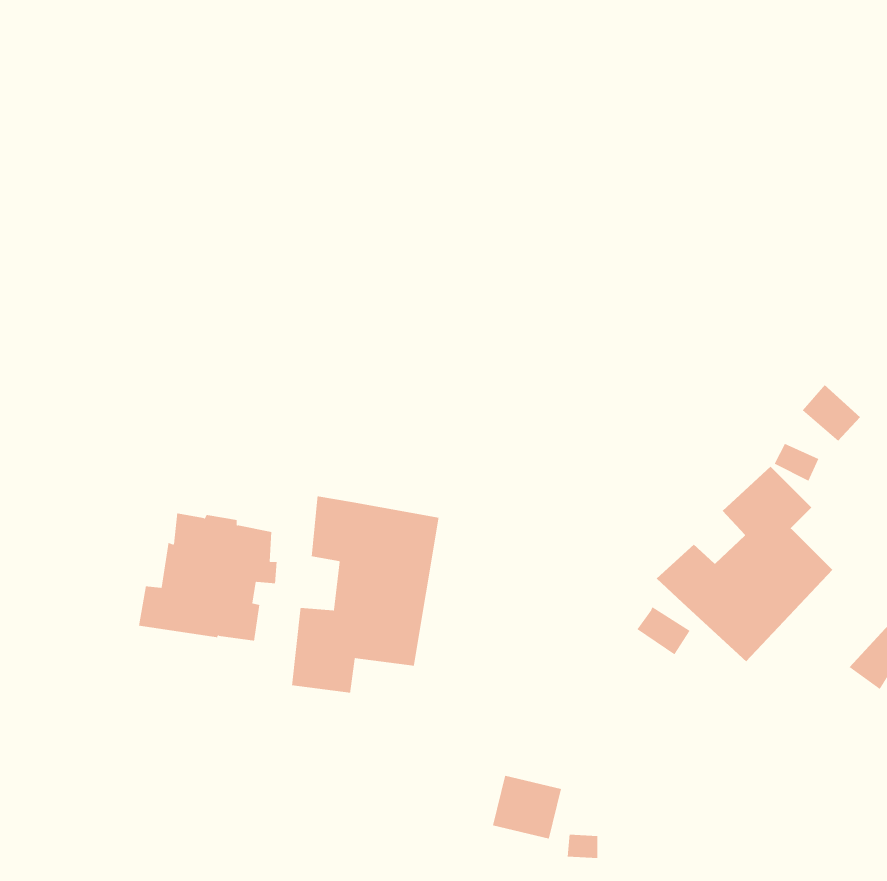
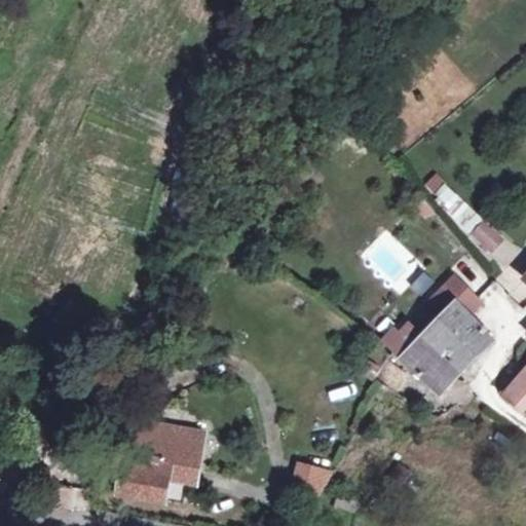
building: [291,495,439,694] -> none
building: [138,513,277,641] -> [116,421,198,497]

